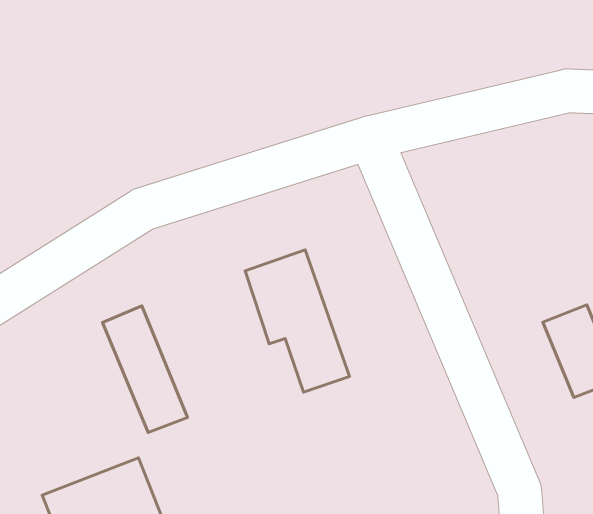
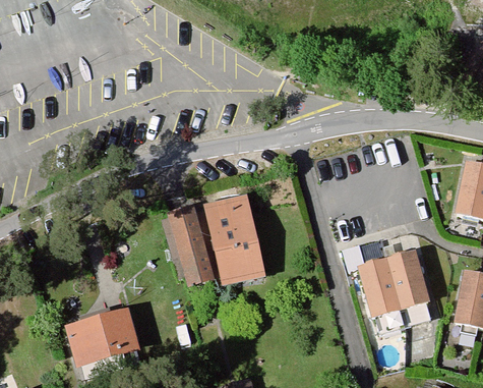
building: [103,306,187,432] -> [168,205,213,283]
building: none -> [359,258,405,330]

